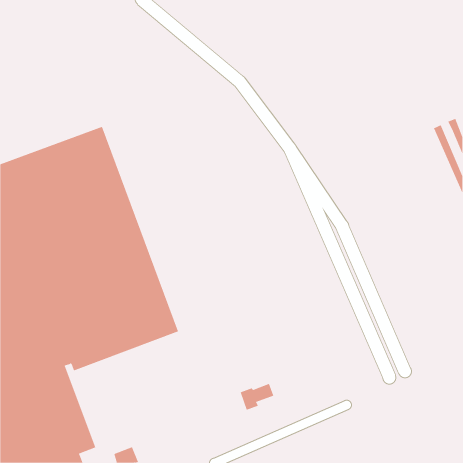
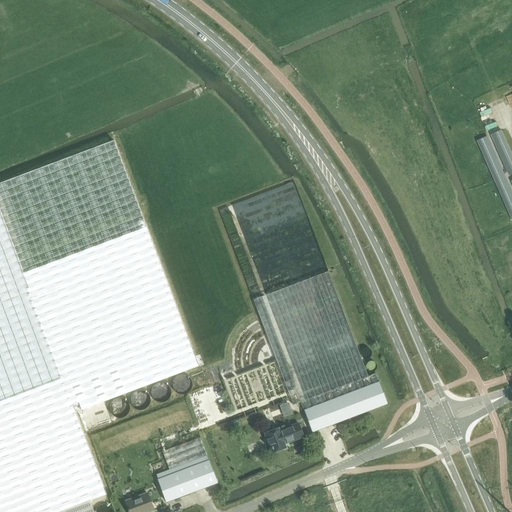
building: none -> [252,270,386,432]
building: none -> [156,437,216,501]

